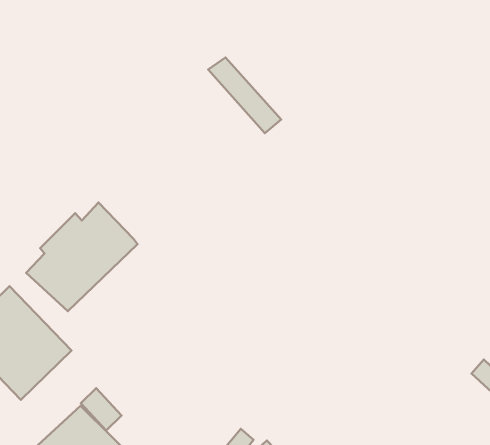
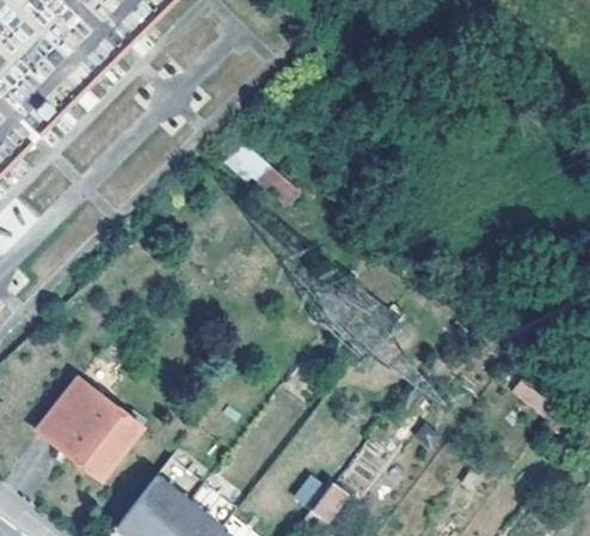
building: [26,203,137,311] -> none

